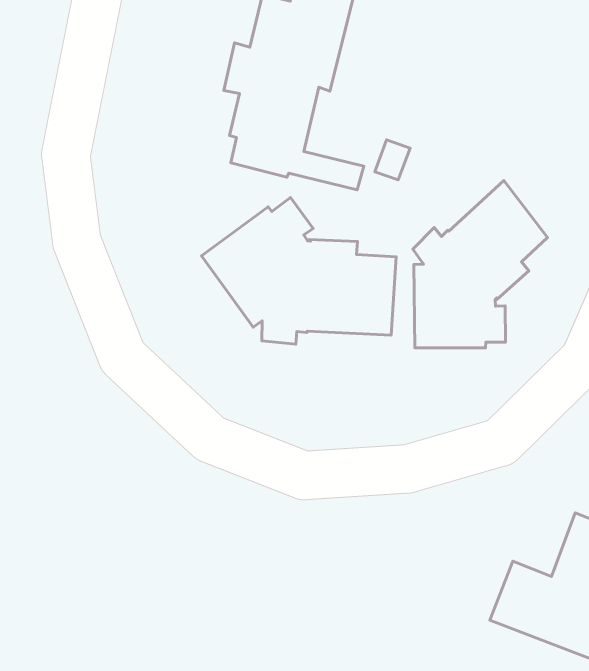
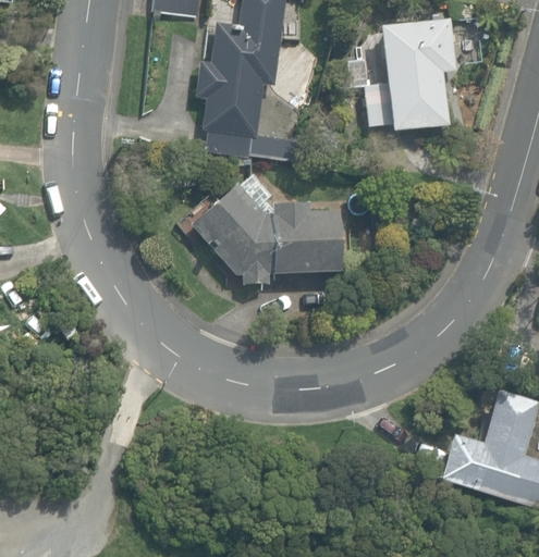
building: none -> [379,17,457,132]
building: [413,181,547,348] -> none

